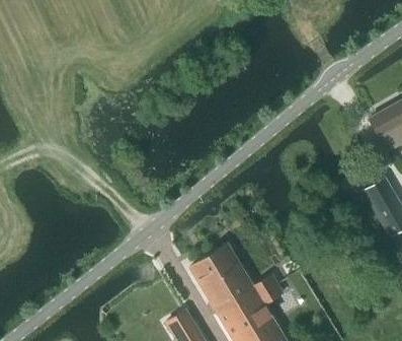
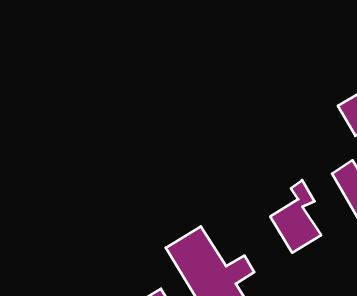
building: none -> [270,180,321,253]

